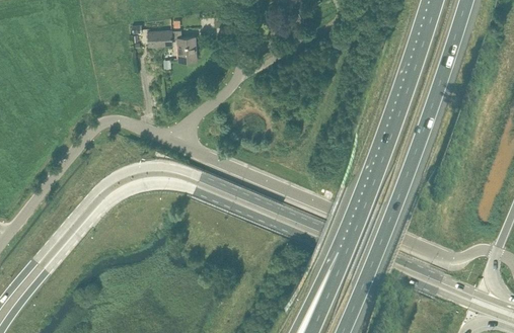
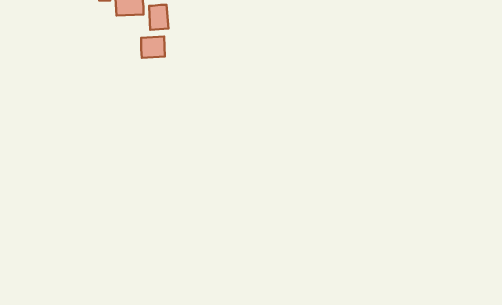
building: none -> [141,36,165,58]

